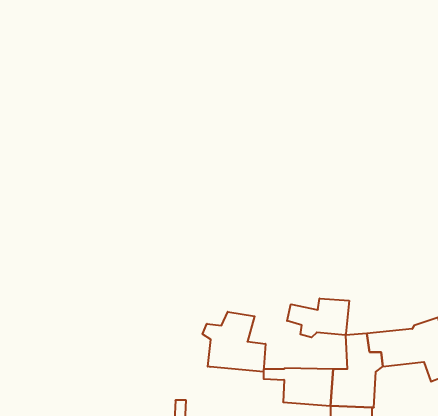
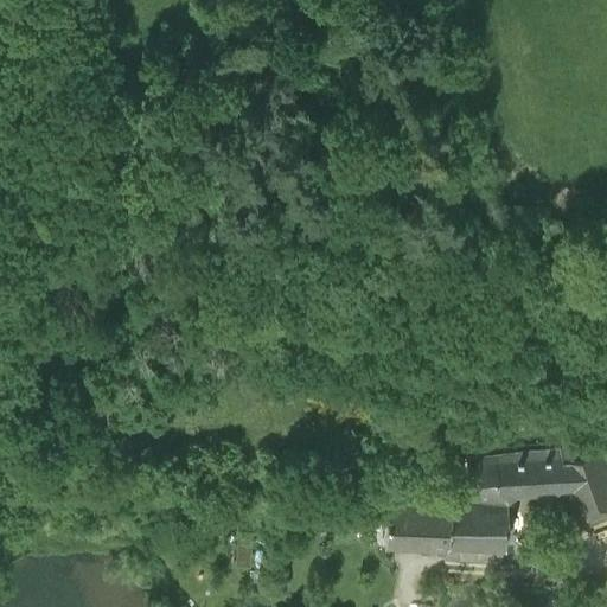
building: [287,298,349,337] -> none
building: [203,312,265,372] -> none

